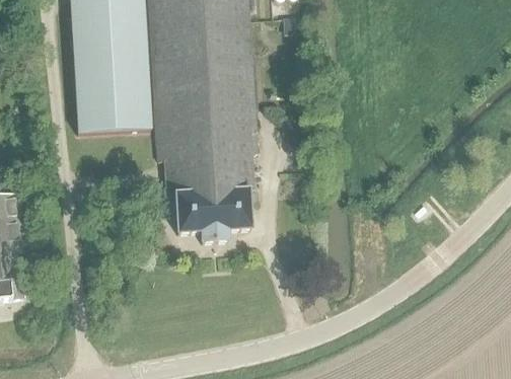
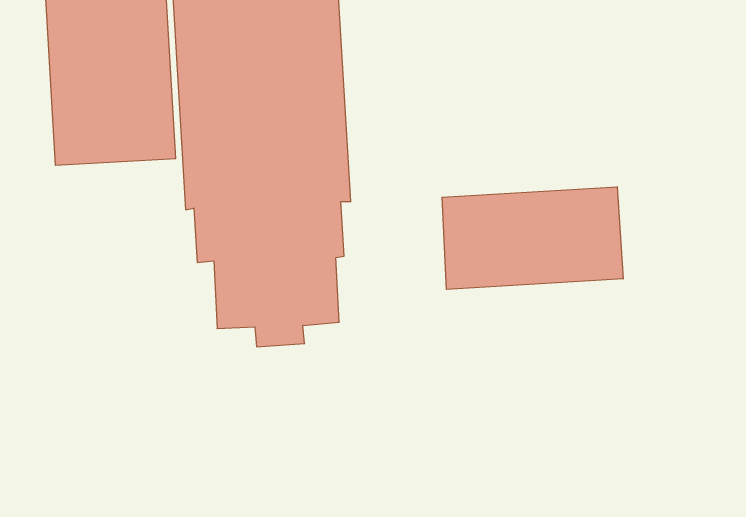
building: none -> [442,187,623,289]

